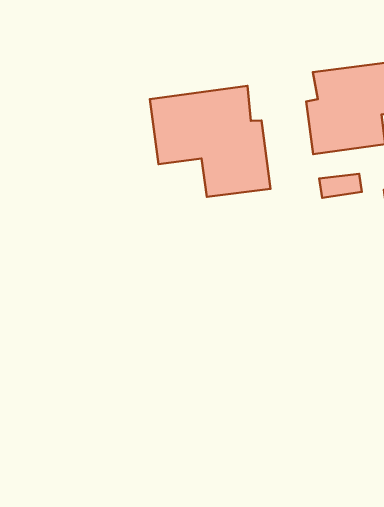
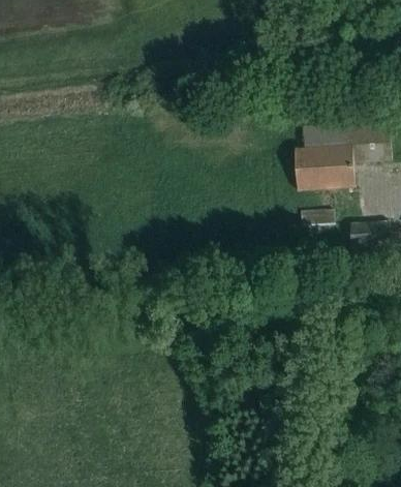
building: [150,86,270,197] -> none

